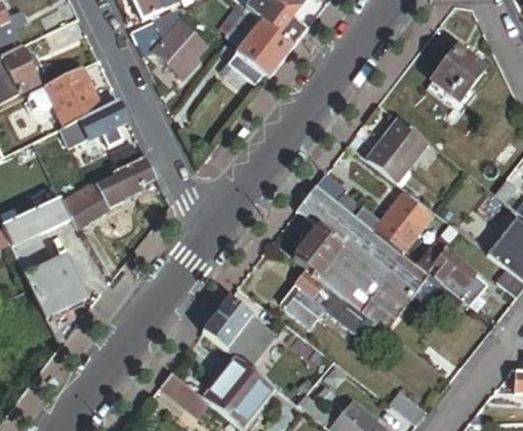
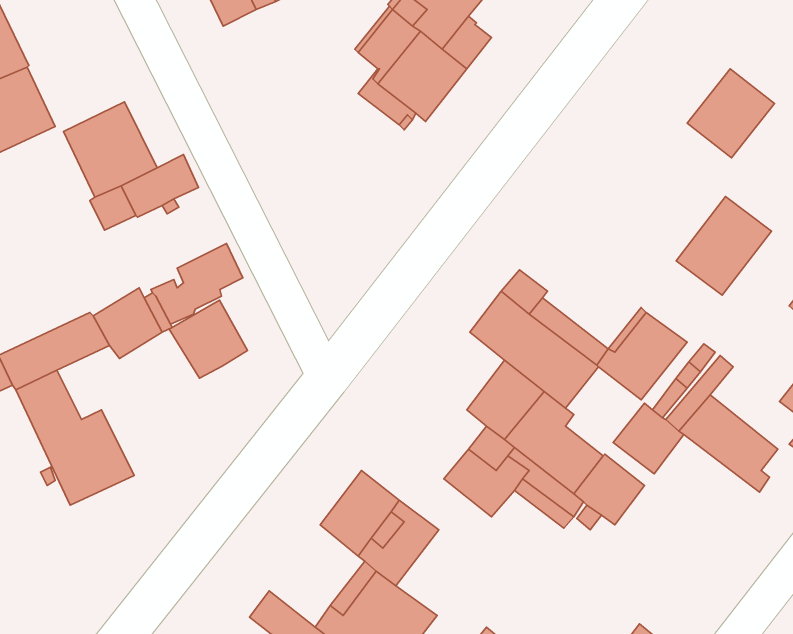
building: [131,10,207,76] -> none
building: [370,122,430,184] -> [676,197,772,295]
building: none -> [169,300,247,378]
building: [356,232,405,279] -> none

